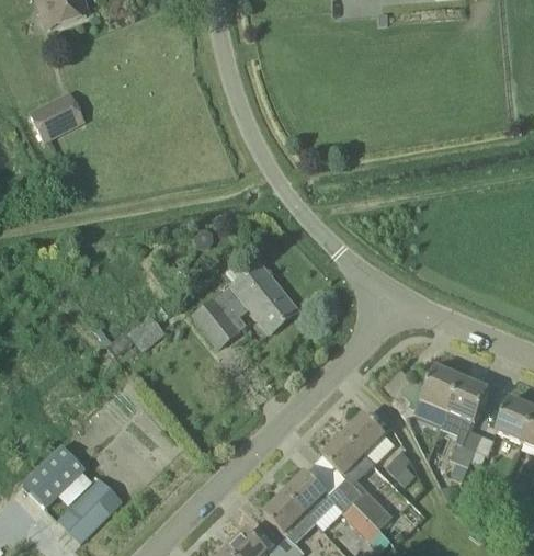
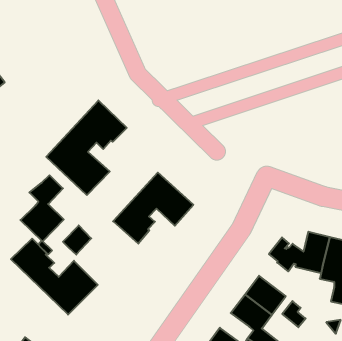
building: none -> [46,100,127,195]
building: none -> [20,175,64,241]
building: none -> [11,239,98,315]

